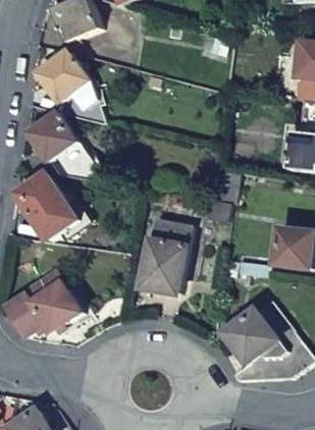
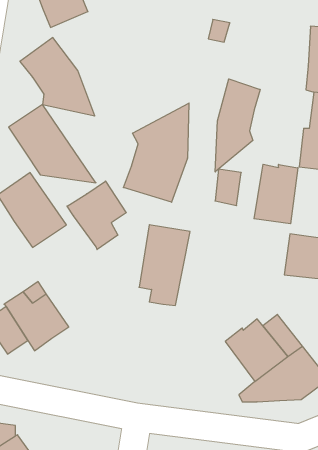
building: none -> [215,79,260,172]
building: none -> [123,103,189,202]
building: none -> [254,164,298,224]
building: none -> [67,181,126,250]

